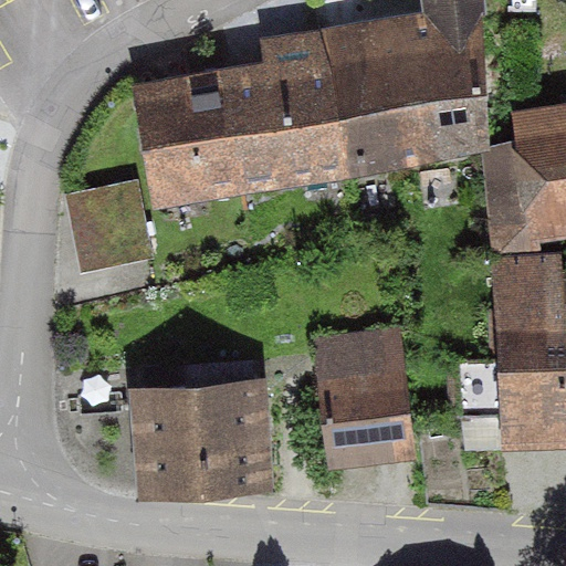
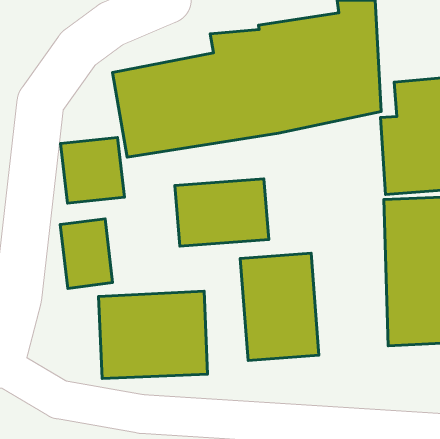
building: none -> [175,179,269,246]
building: none -> [60,219,112,288]

